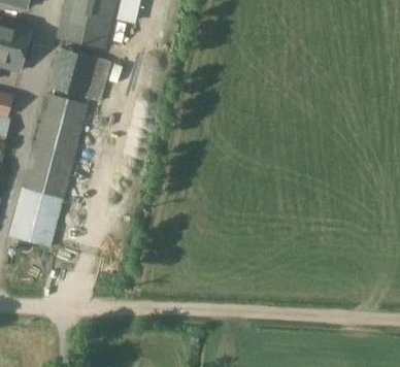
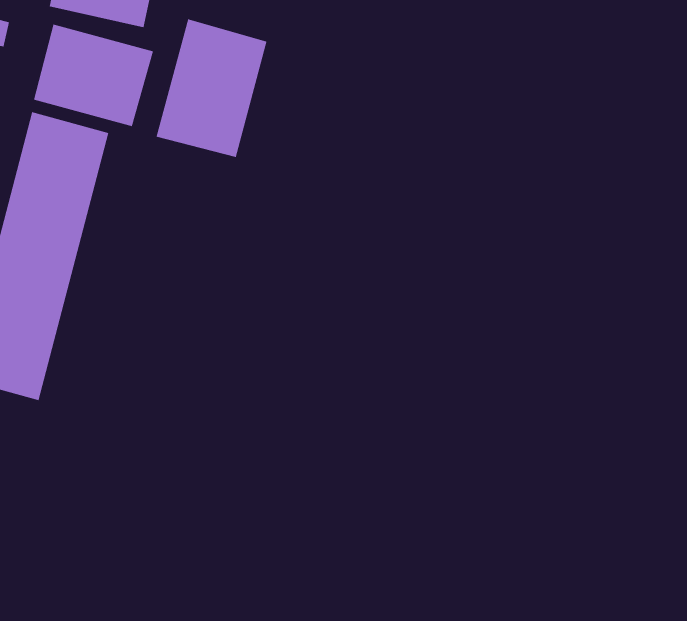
building: none -> [156,19,267,158]

